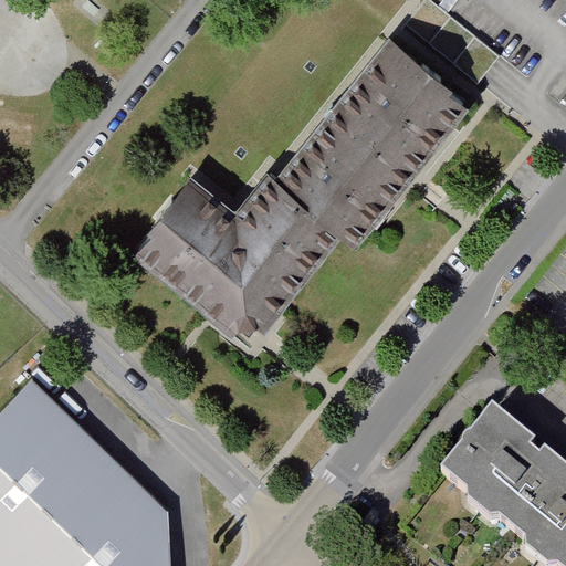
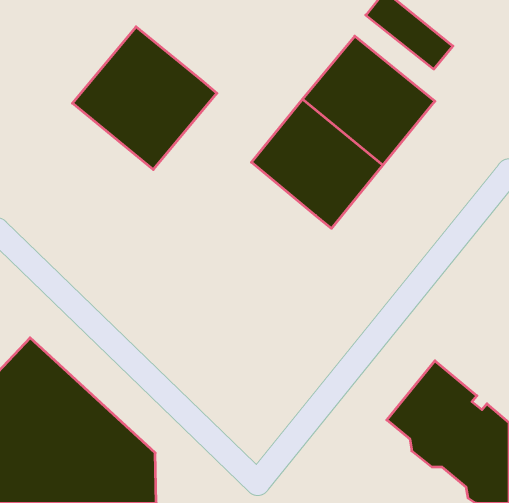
building: none -> [72,27,217,170]
building: [126,171,348,350] -> none

